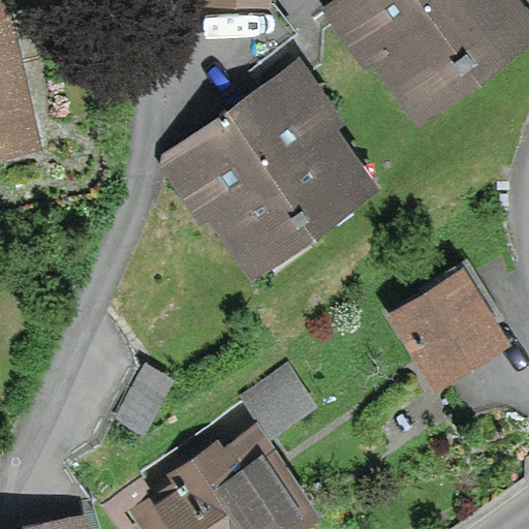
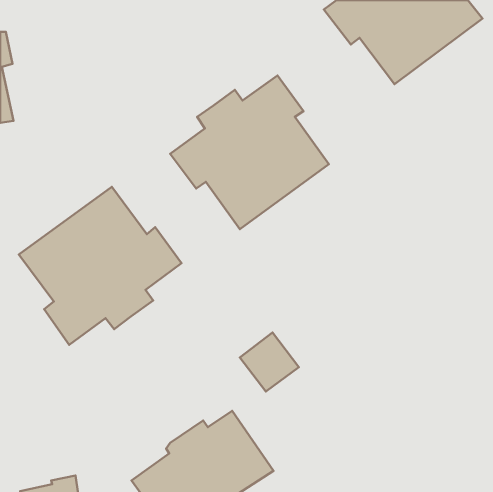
building: none -> [19,187,181,345]
building: [403,280,493,367] -> none

